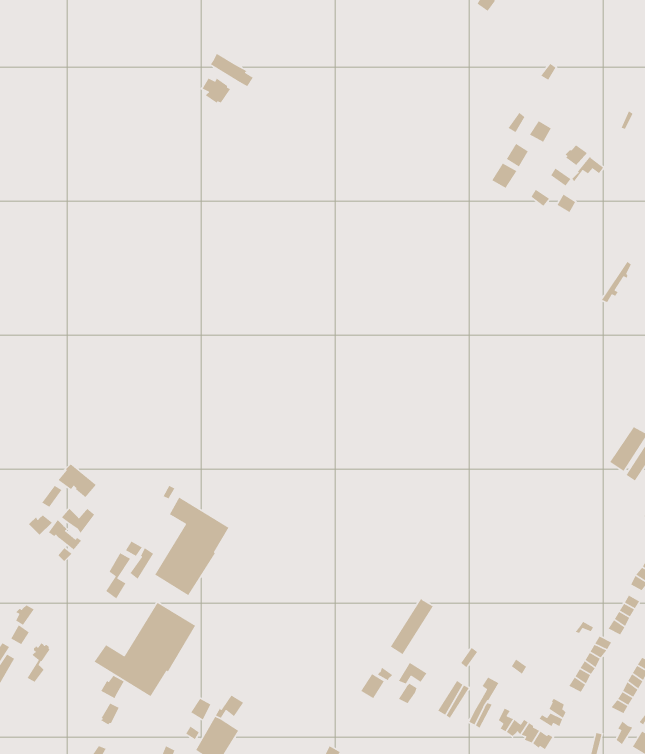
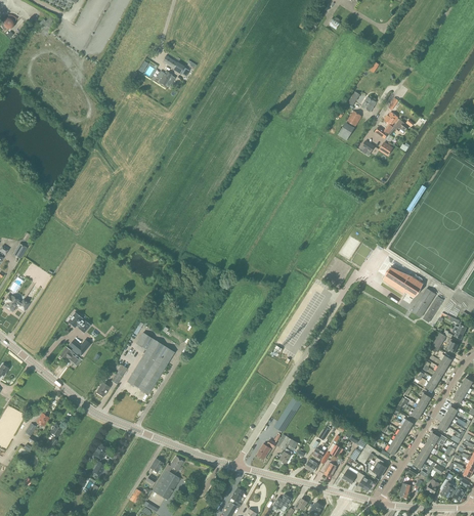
building: none -> [383,265,422,296]
building: [94,602,196,697] -> none

